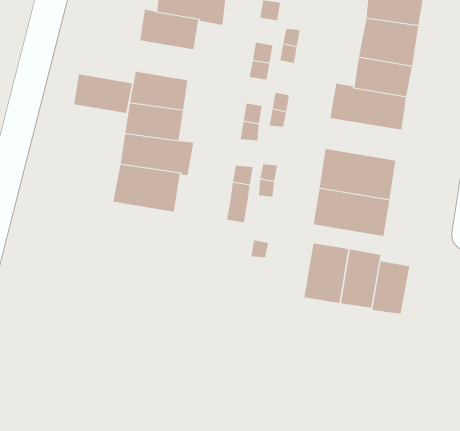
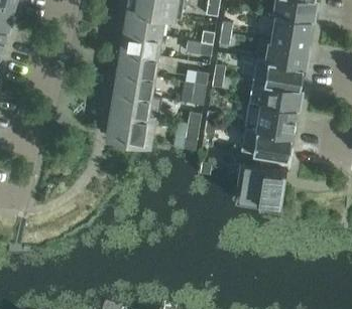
building: [74,74,133,113] -> [122,31,161,57]
building: none -> [248,83,300,111]
building: [372,260,410,314] -> none

